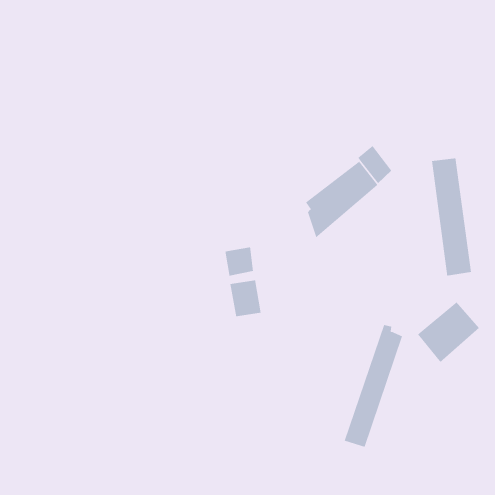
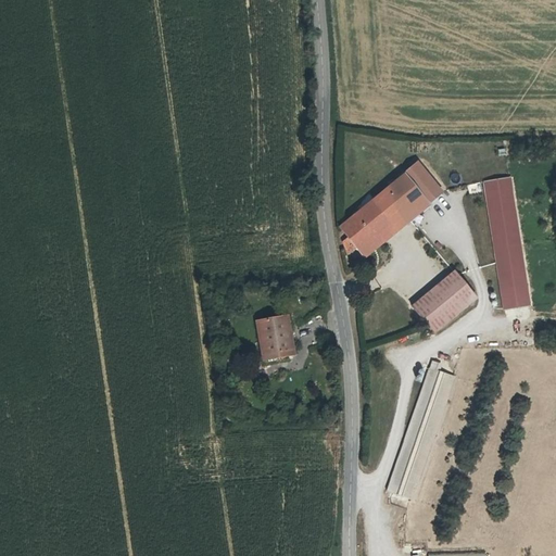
building: [225,246,254,276] -> none
building: [417,302,480,363] -> [415,261,485,329]

